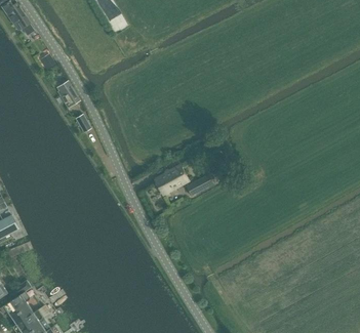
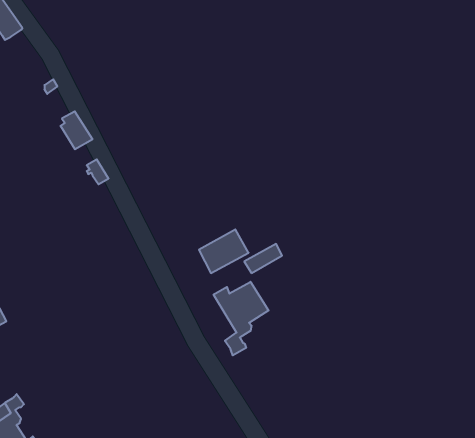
building: none -> [214,282,269,355]

